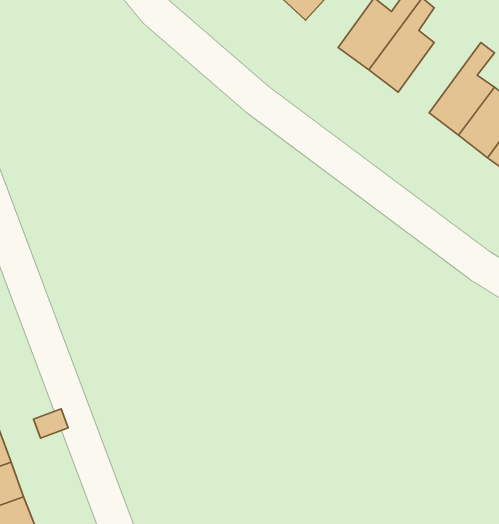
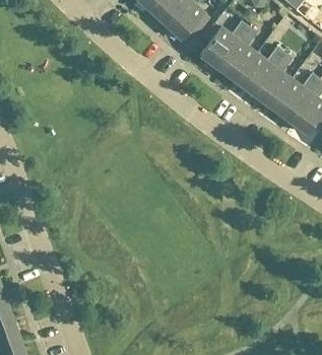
building: none -> [236,47,284,94]

